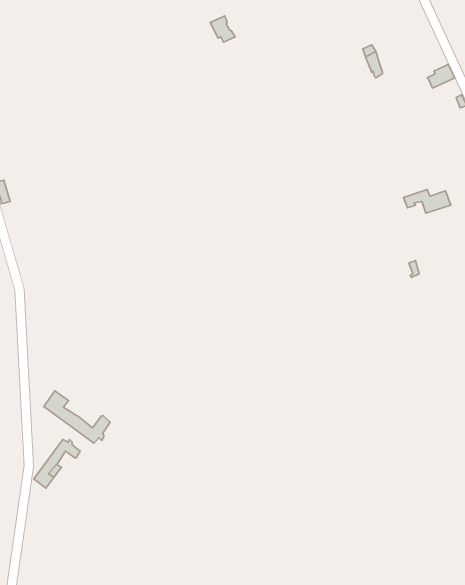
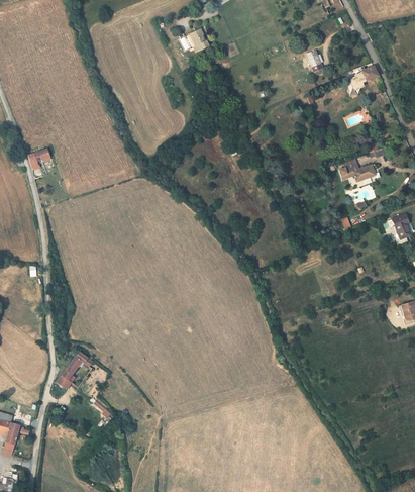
building: [44,391,110,443] -> none

